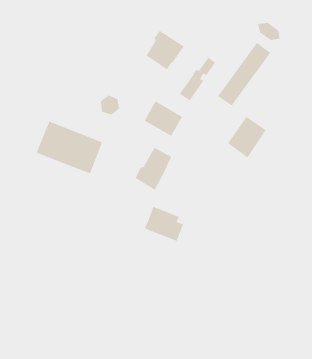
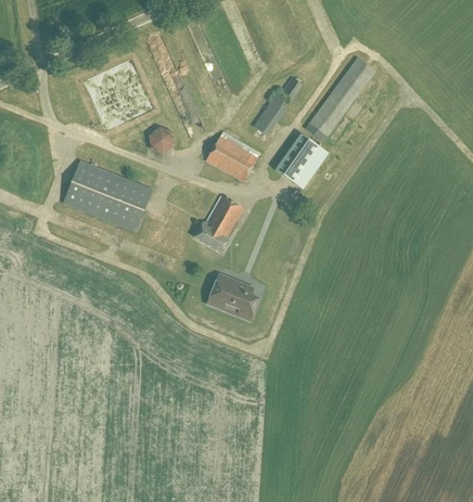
building: [257,22,280,41] -> none
building: [146,30,185,70] -> none
building: [227,116,266,158] -> [276,133,328,189]

